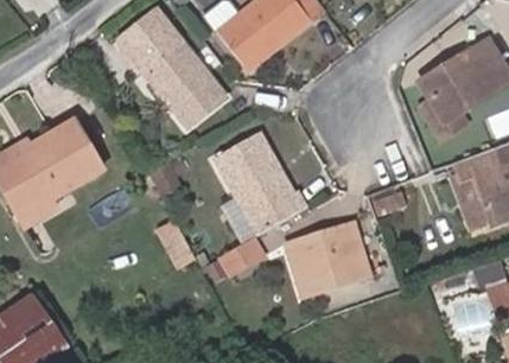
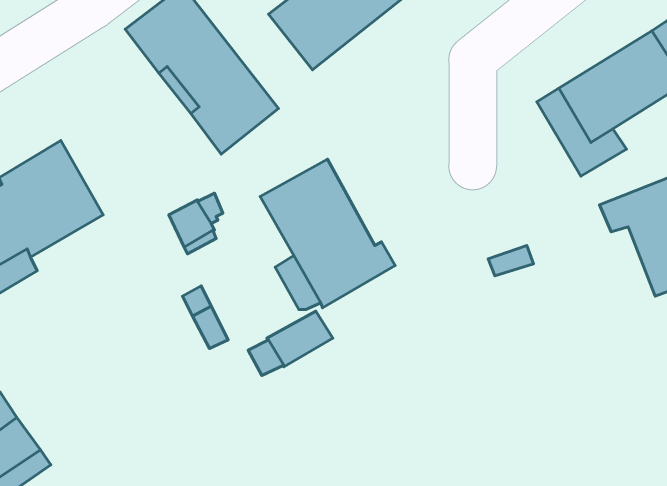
building: [287,223,368,294] -> none

